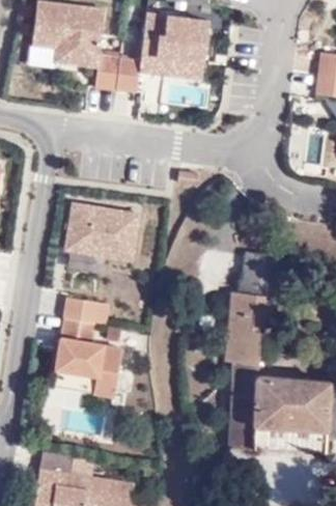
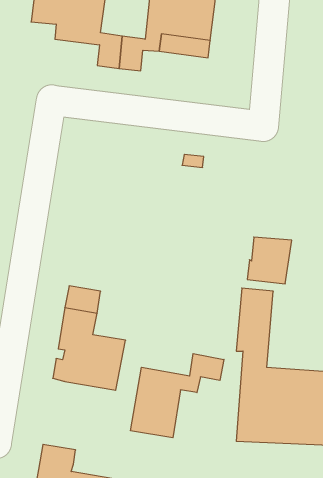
building: [64,203,139,260] -> none
building: none -> [131,354,224,438]

